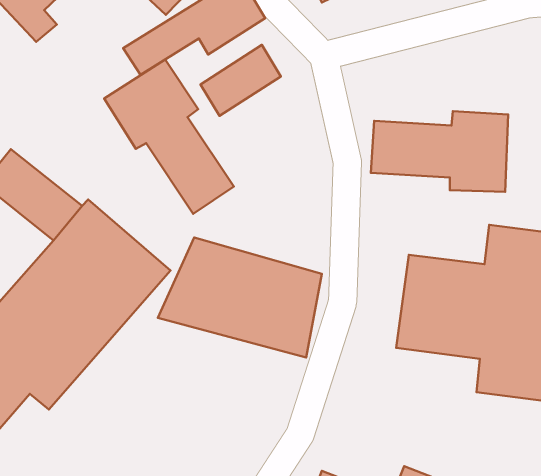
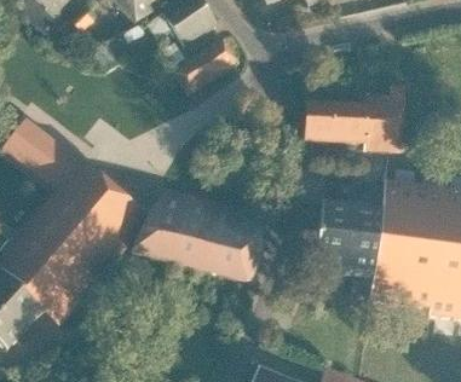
building: [104,59,234,214] -> none

